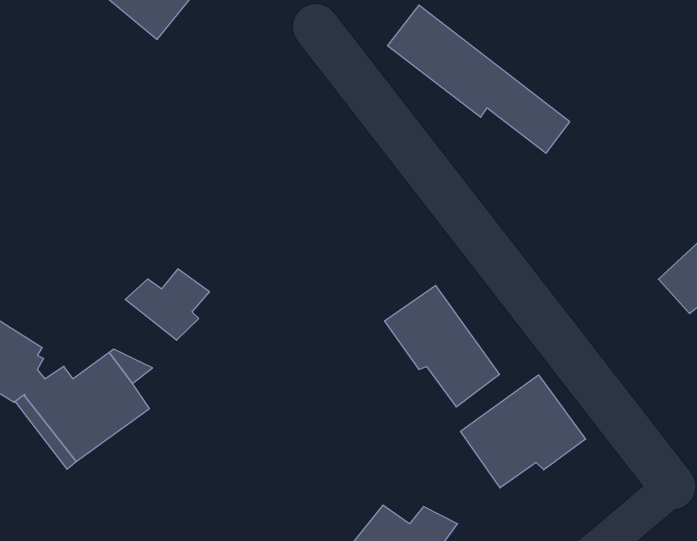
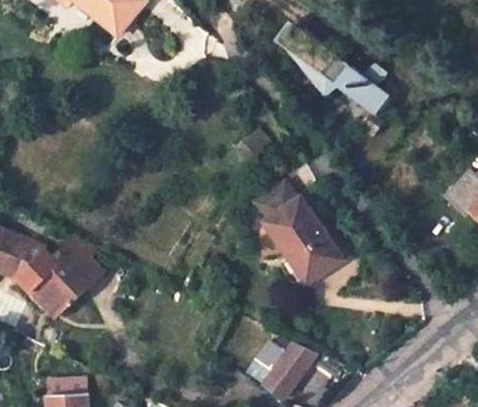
building: none -> [253,181,300,224]
building: [125,269,209,340] -> none
building: [461,375,586,488] -> none

